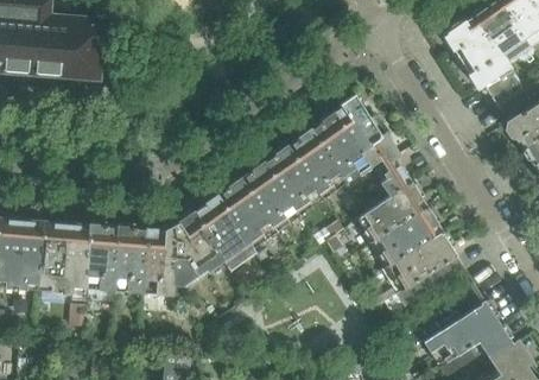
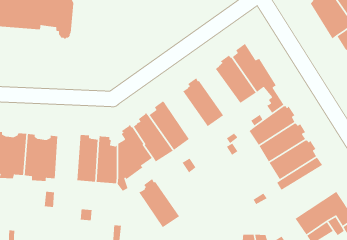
building: [288,127,347,197] -> none
building: [241,159,300,230] -> [138,178,180,228]
building: [84,221,120,303] -> none

